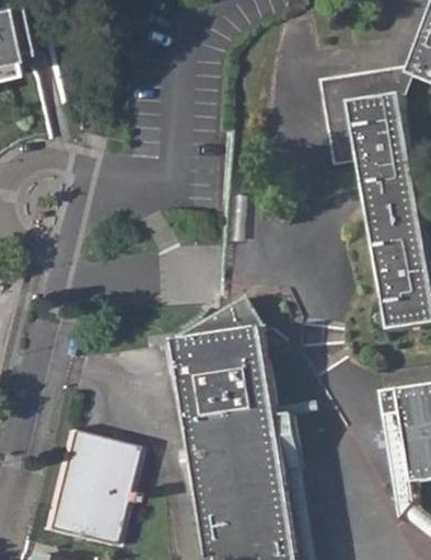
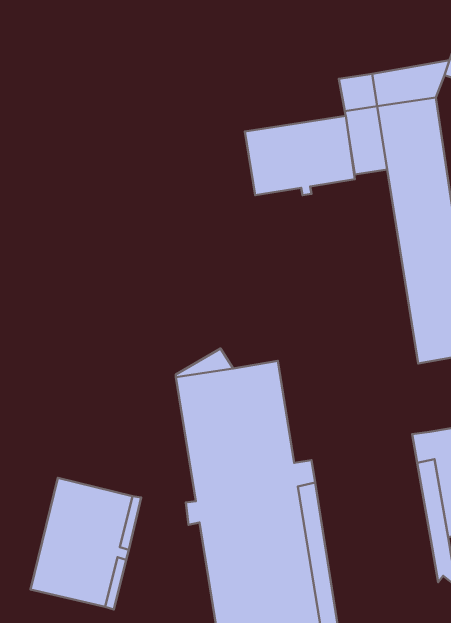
building: none -> [245,116,355,195]
building: [213,296,264,334] -> none

